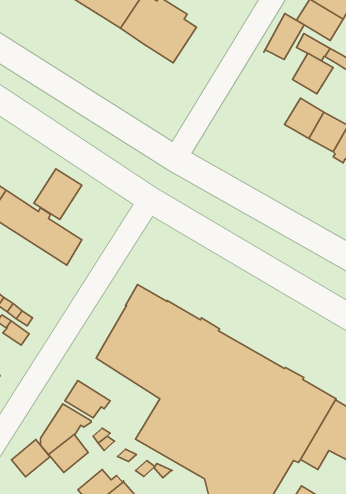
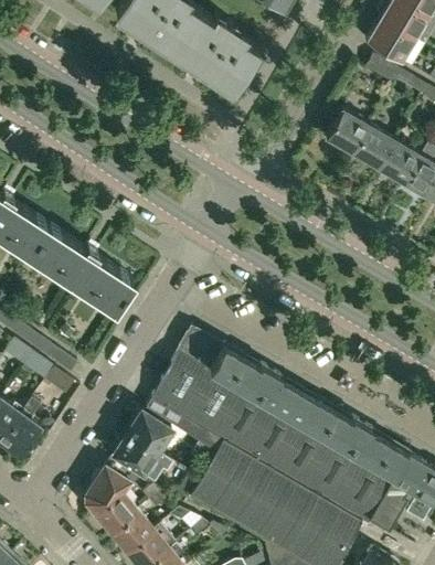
building: [264,14,304,59] -> none
building: [293,53,333,94] -> [326,111,370,156]
building: [34,169,82,220] -> none
building: none -> [127,412,172,457]
building: [11,440,50,477] -> [112,513,153,554]

